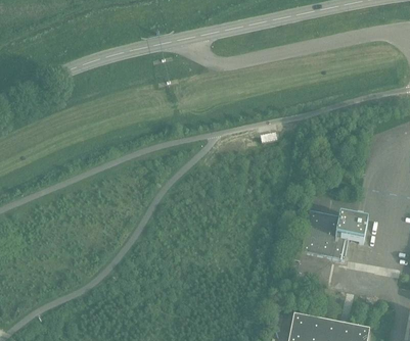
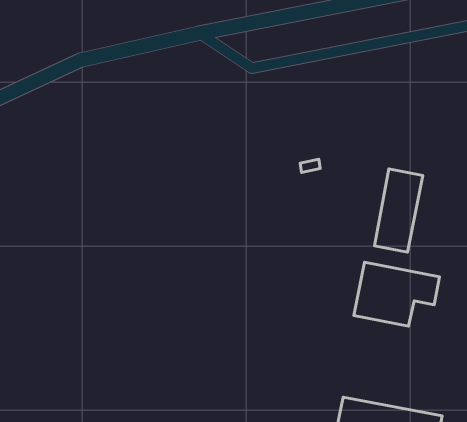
building: none -> [375,169,423,252]

